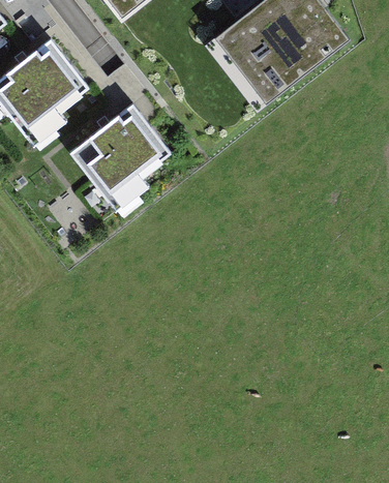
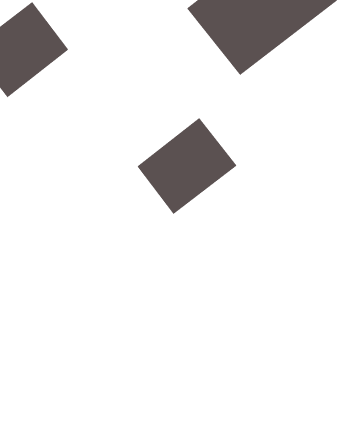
building: [70,103,170,200] -> [136,117,238,215]

